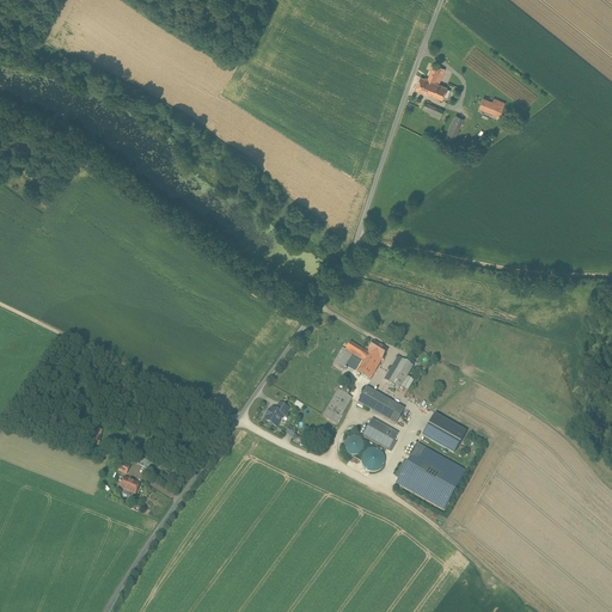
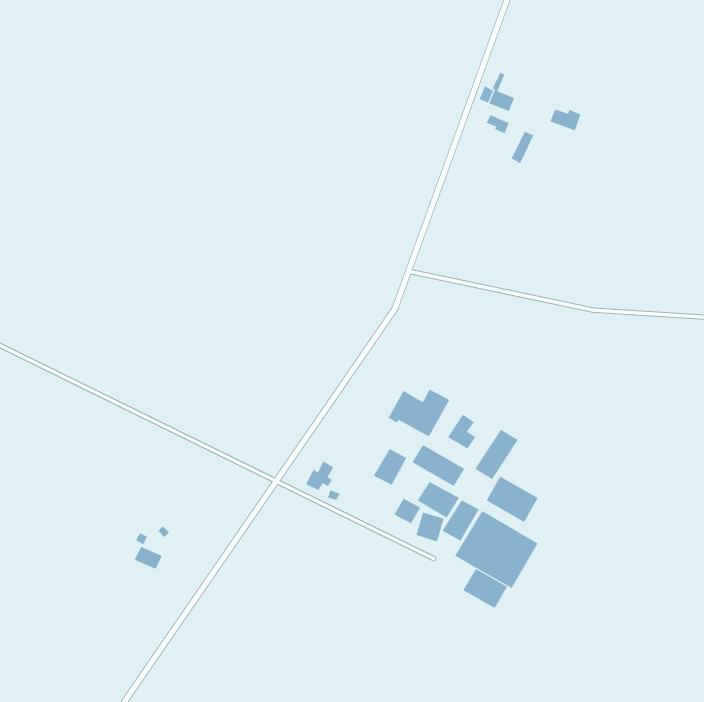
building: none -> [475,429,519,480]
building: none -> [442,500,480,542]
building: none -> [463,568,508,609]

